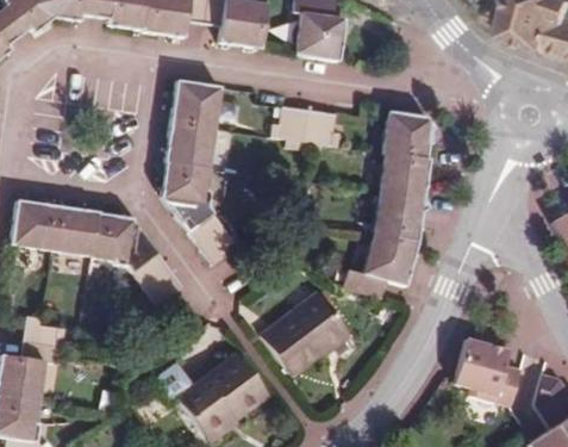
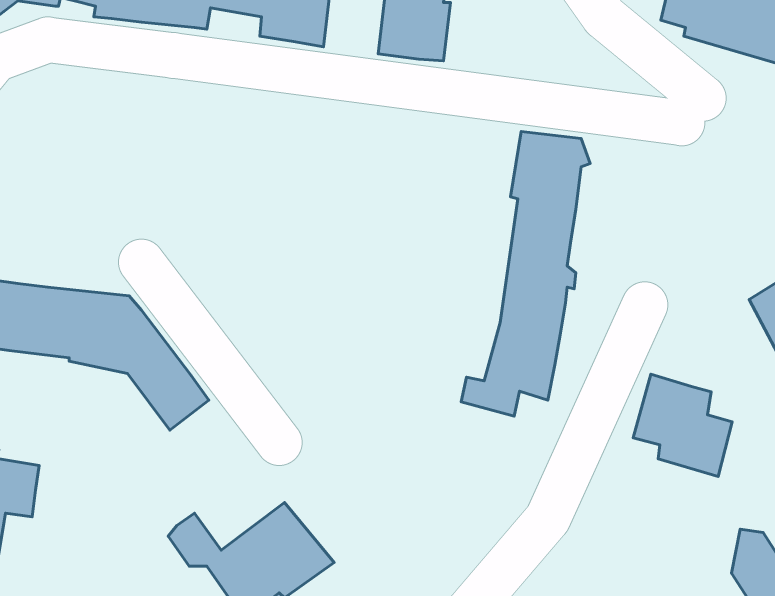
building: [160,75,235,260] -> none
building: [274,103,342,148] -> none
building: [260,288,348,373] -> none
building: [450,333,517,402] -> [633,374,732,477]

